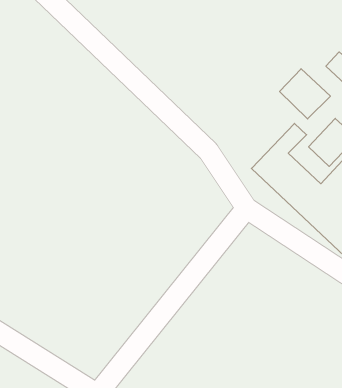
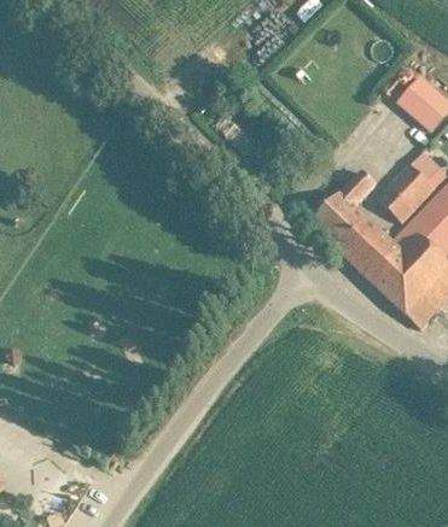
building: [280,69,330,119] -> none

